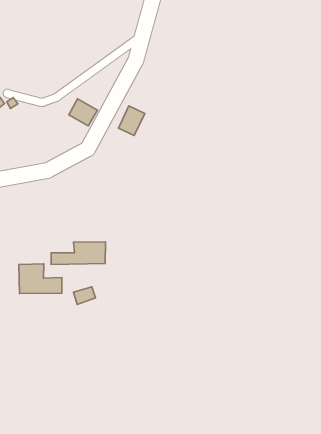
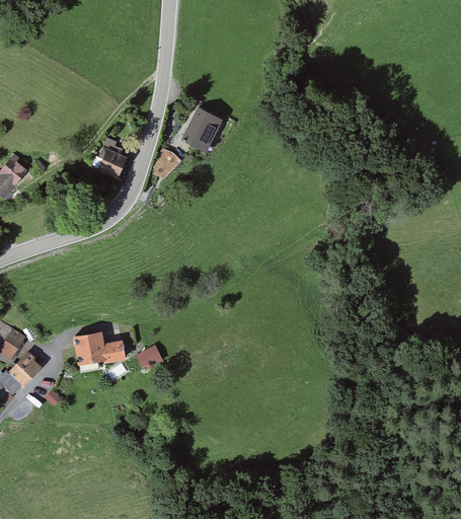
building: none -> [182,107,223,152]
building: [51,242,105,264] -> none

